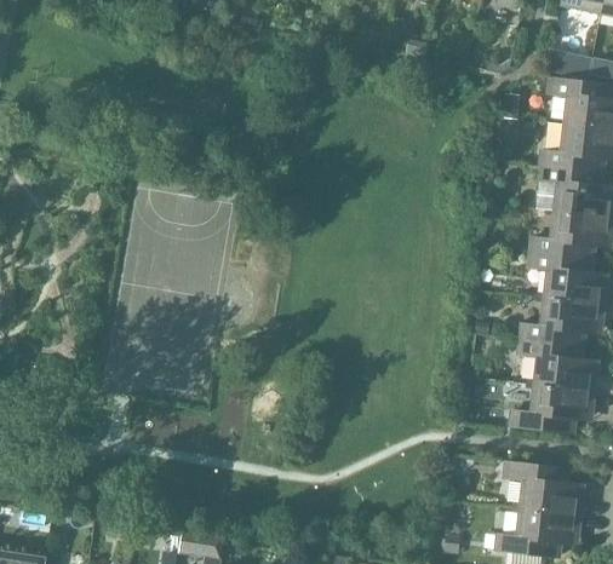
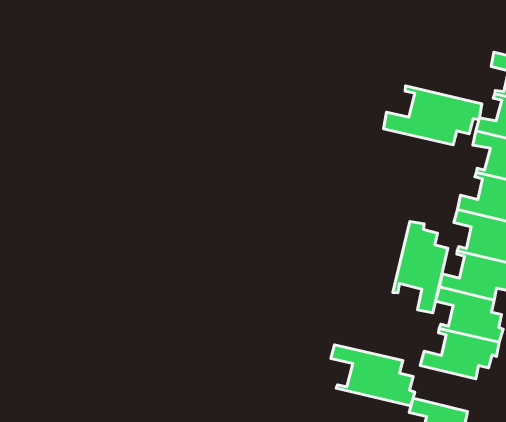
building: none -> [383,86,482,145]
building: none -> [393,221,448,313]
building: none -> [331,345,415,406]

